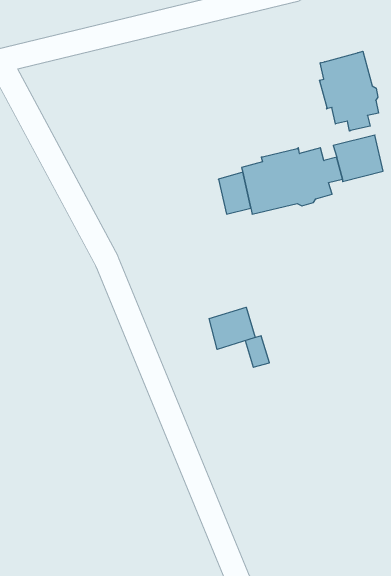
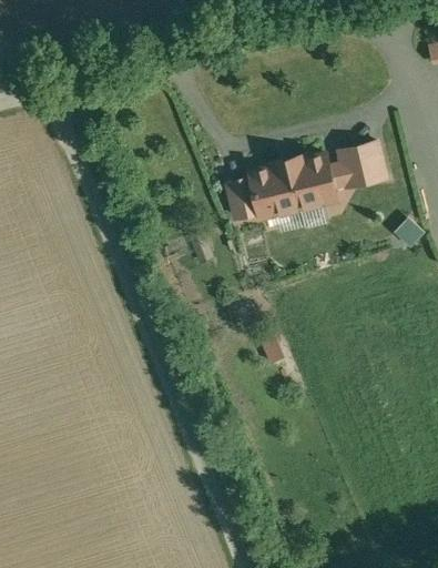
building: [319,51,378,131] -> none
building: [209,307,255,349] -> none

